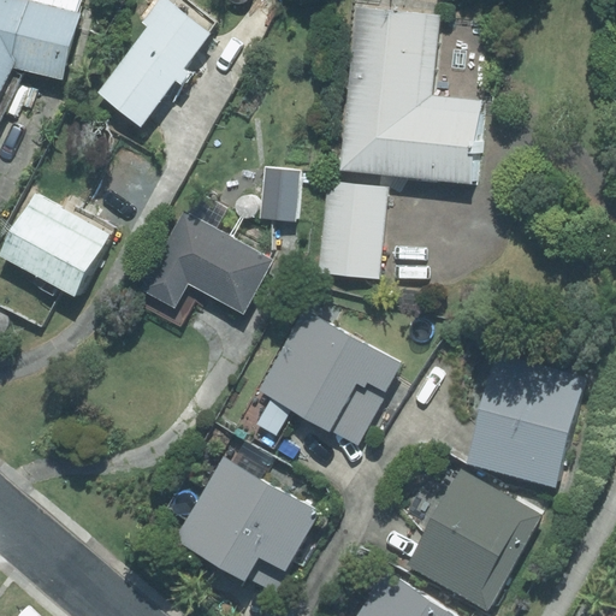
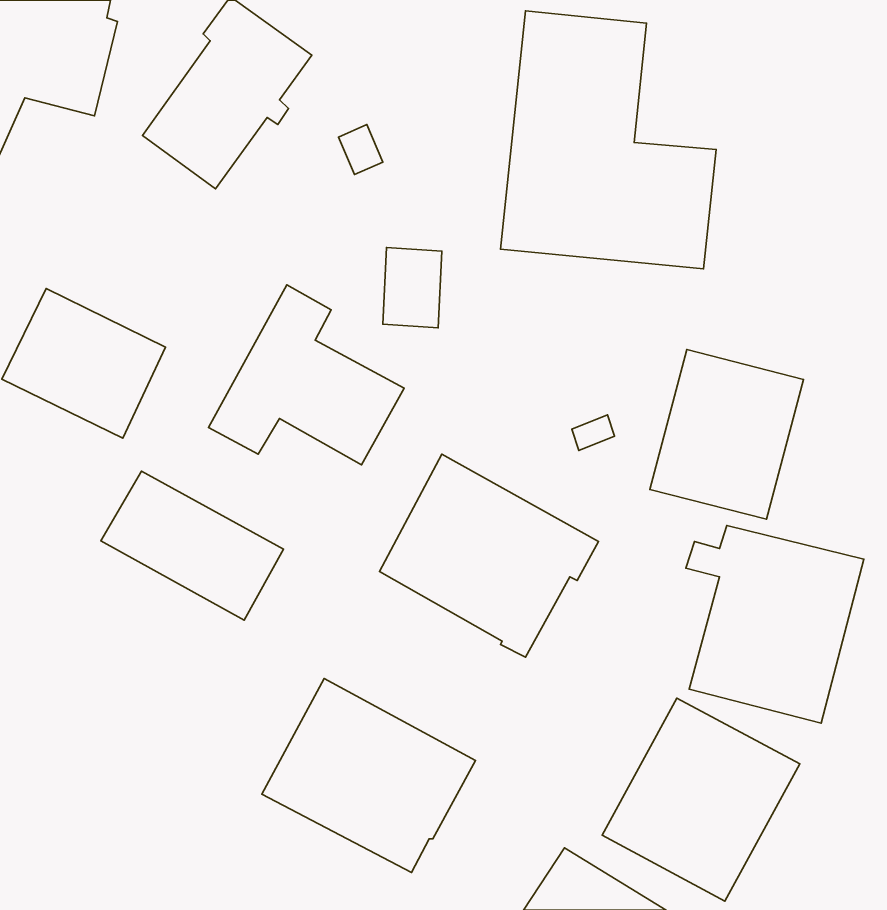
building: [309,182,384,279] -> none
building: none -> [650,349,803,519]
building: none -> [101,471,283,620]

